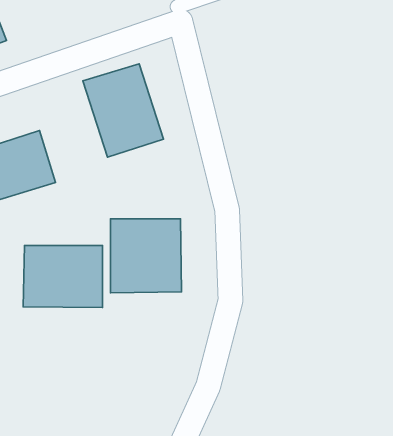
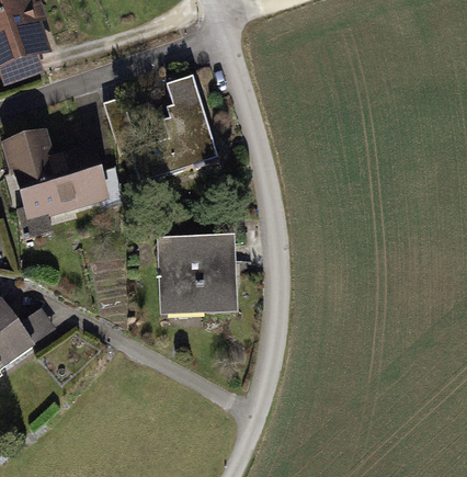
building: [23,245,103,308] -> none

